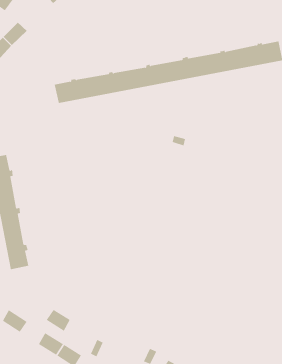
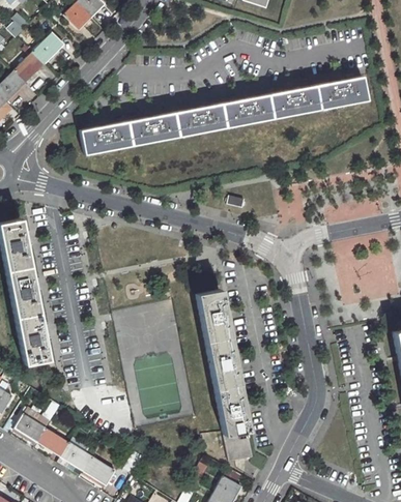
building: none -> [35,33,66,64]
building: none -> [197,290,254,462]
building: [46,309,71,331] -> [38,430,69,457]

